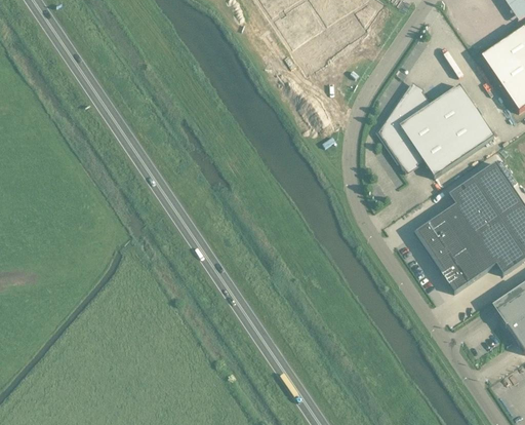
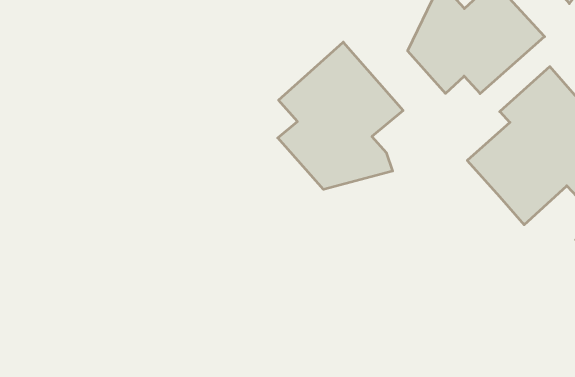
building: none -> [278,42,403,189]

